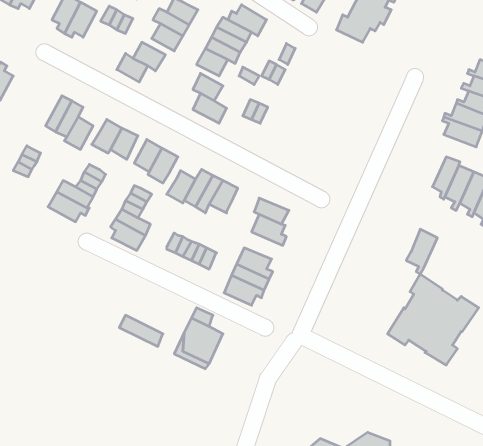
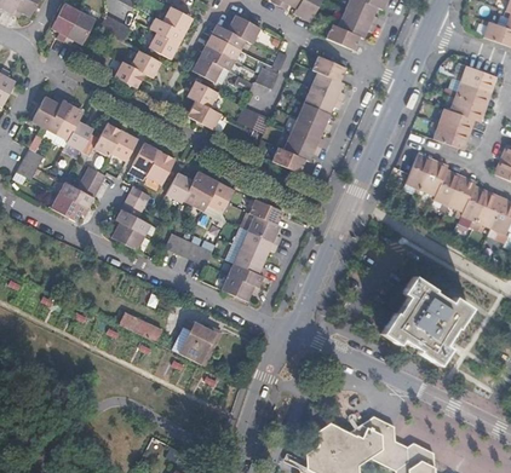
building: none -> [274,54,348,171]
building: none -> [31,96,63,129]
building: [406,229,437,274] -> [406,151,436,195]
building: none -> [240,232,277,259]

